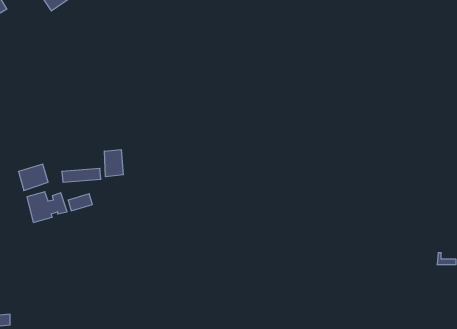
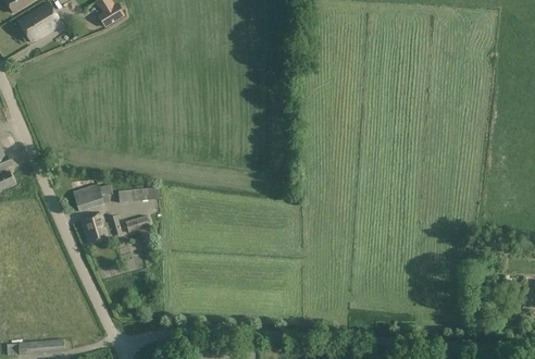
building: [104,150,123,177] -> none

